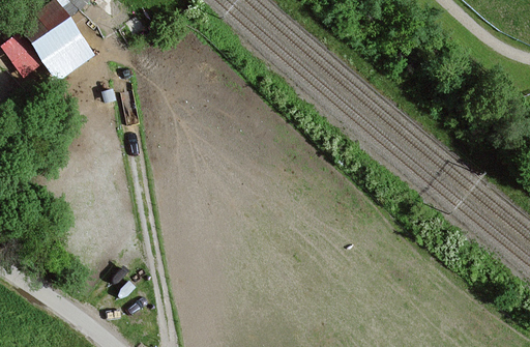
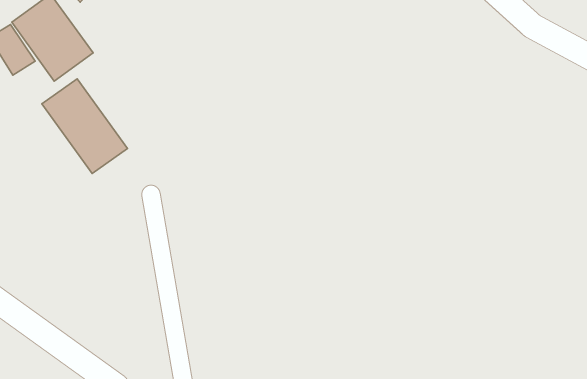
building: none -> [42,79,127,174]

